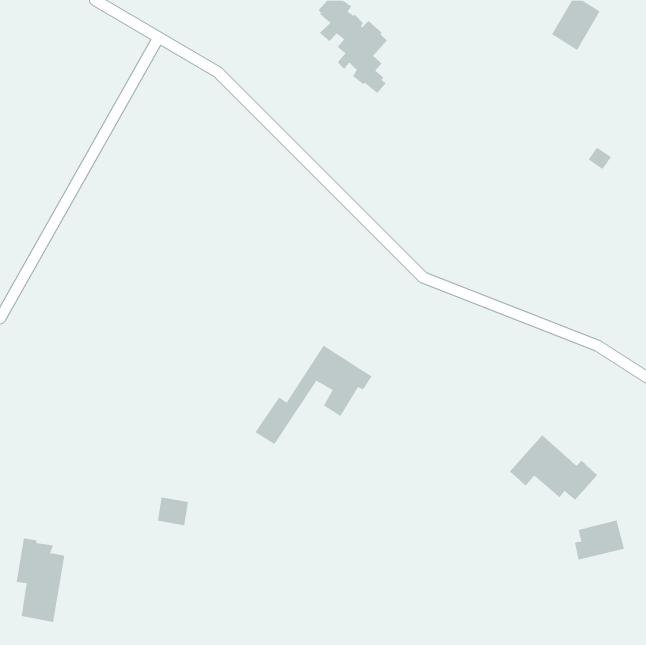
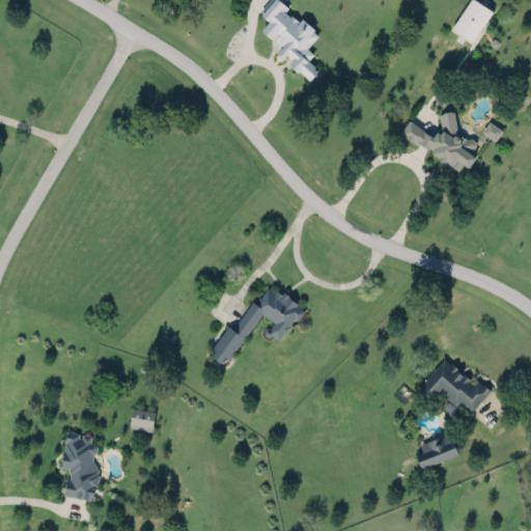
building: none -> [400,112,476,170]
building: [574,520,625,560] -> [417,435,458,468]
building: [16,538,65,623] -> [61,431,102,501]

